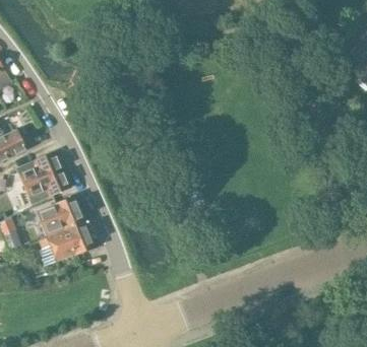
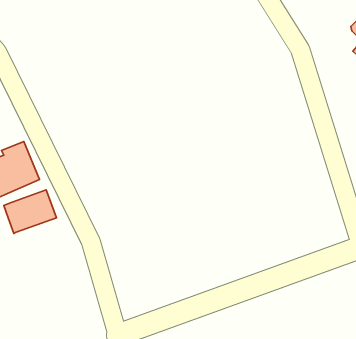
building: [39,222,95,262] -> none

